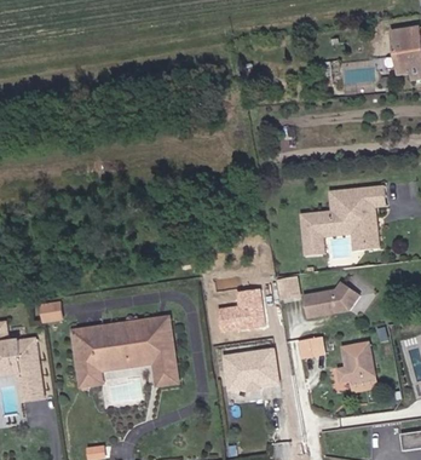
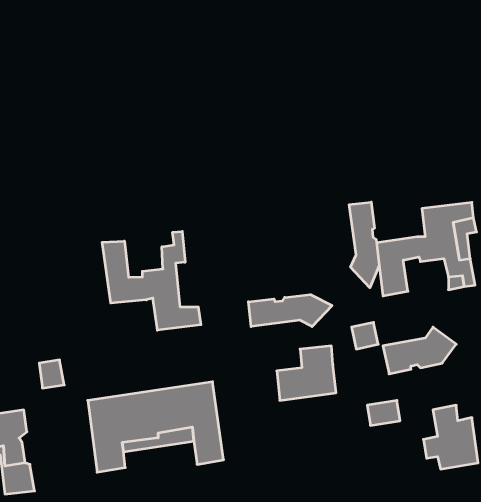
building: none -> [349,202,379,288]
building: none -> [102,231,201,330]
building: none -> [248,295,332,327]
building: [226,353,281,397] -> none

